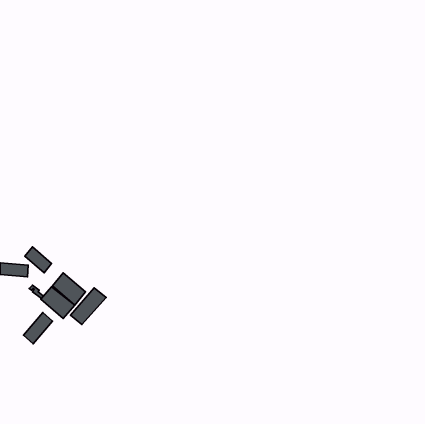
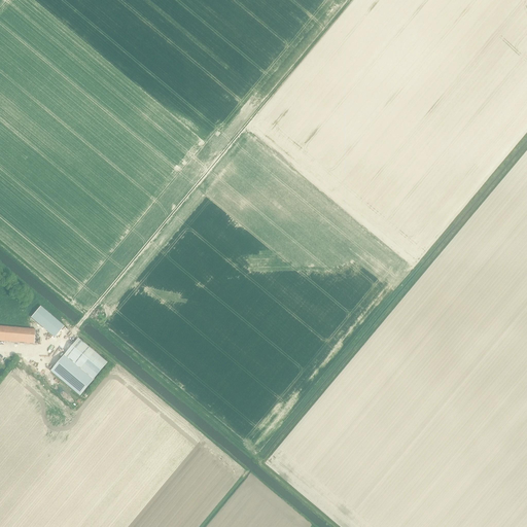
building: [71,288,106,325] -> none
building: [23,312,52,344] -> none

